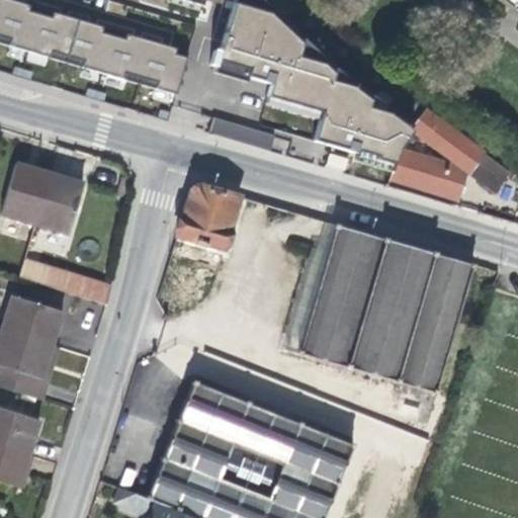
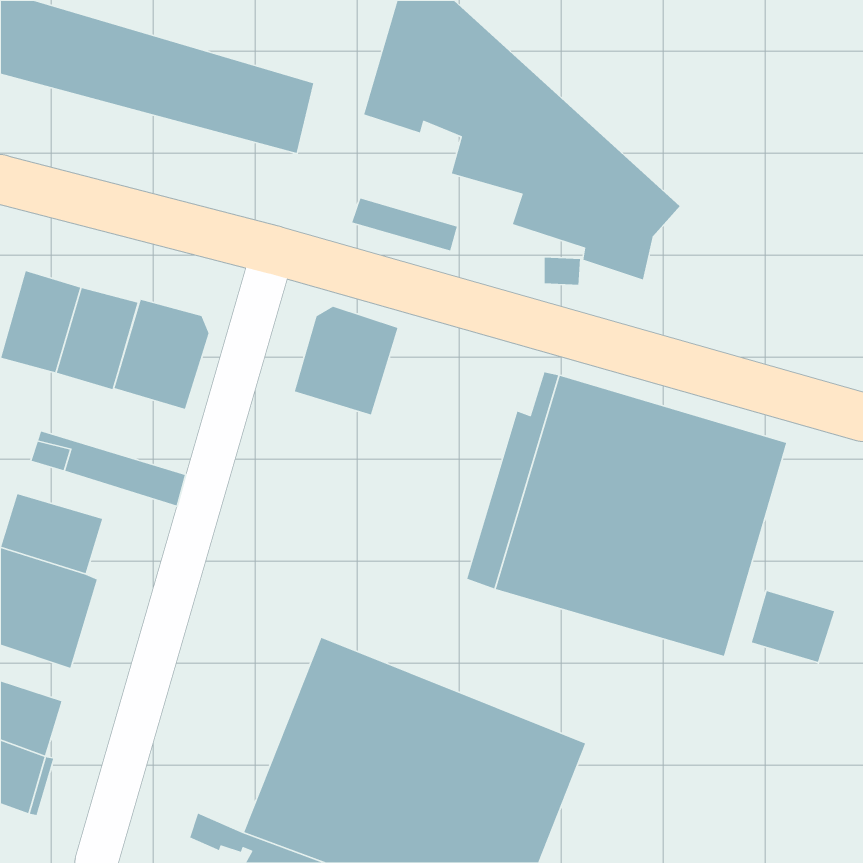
building: [387,110,509,200] -> none
building: none -> [114,299,210,410]
building: none -> [751,590,835,663]

